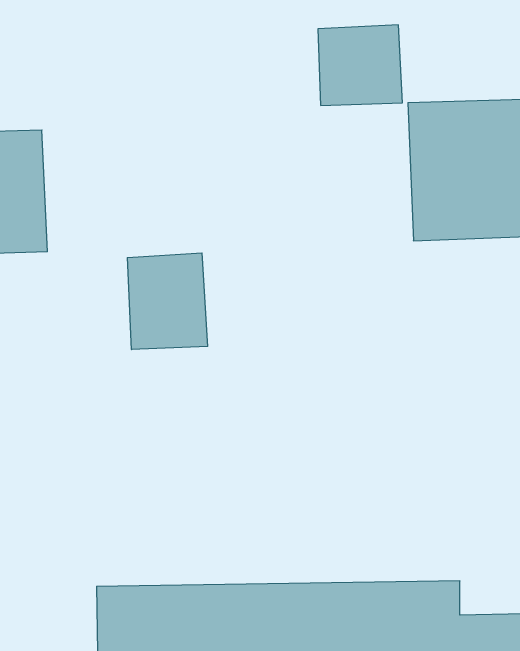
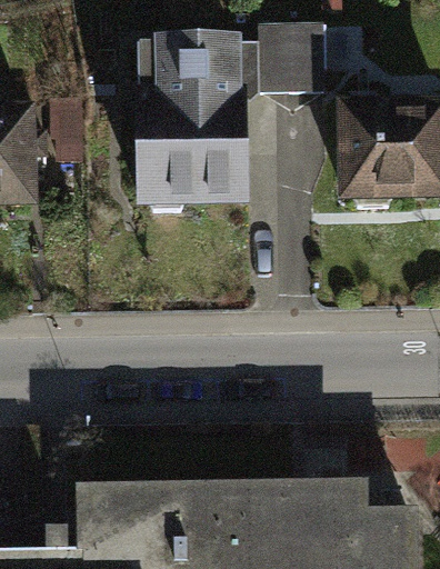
building: none -> [129,38,256,208]
building: [127,253,208,350] -> none

